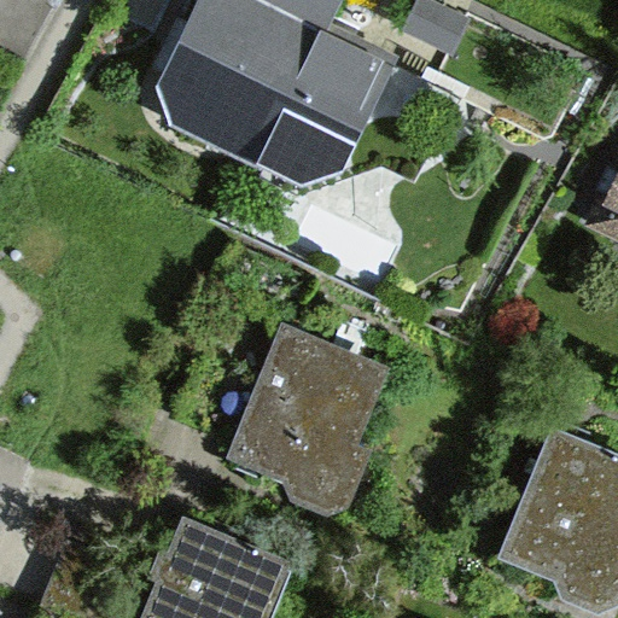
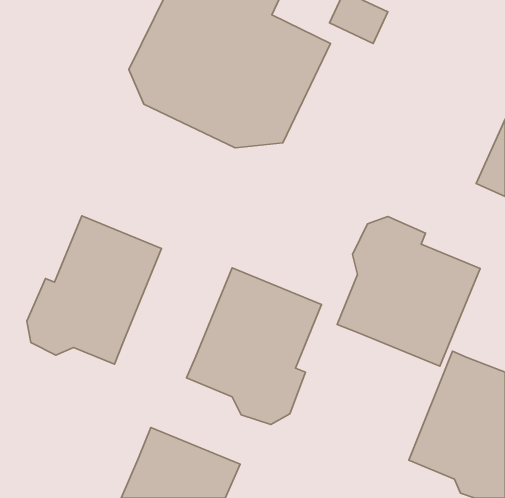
building: none -> [27,216,162,364]
building: none -> [337,216,480,366]

